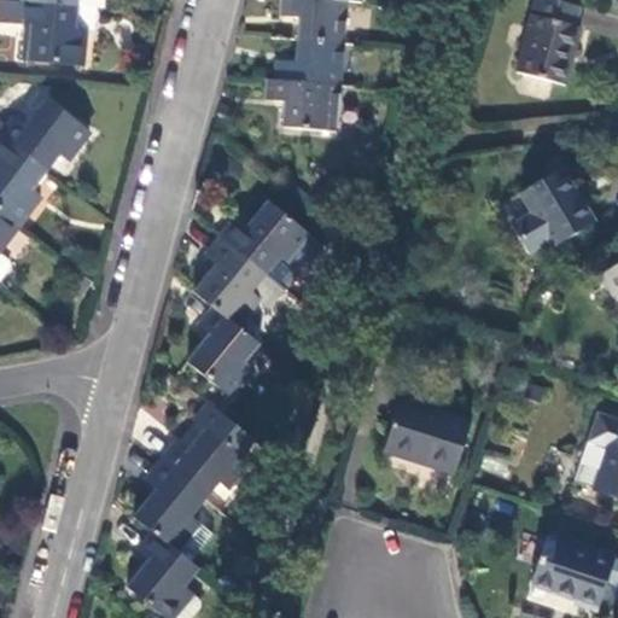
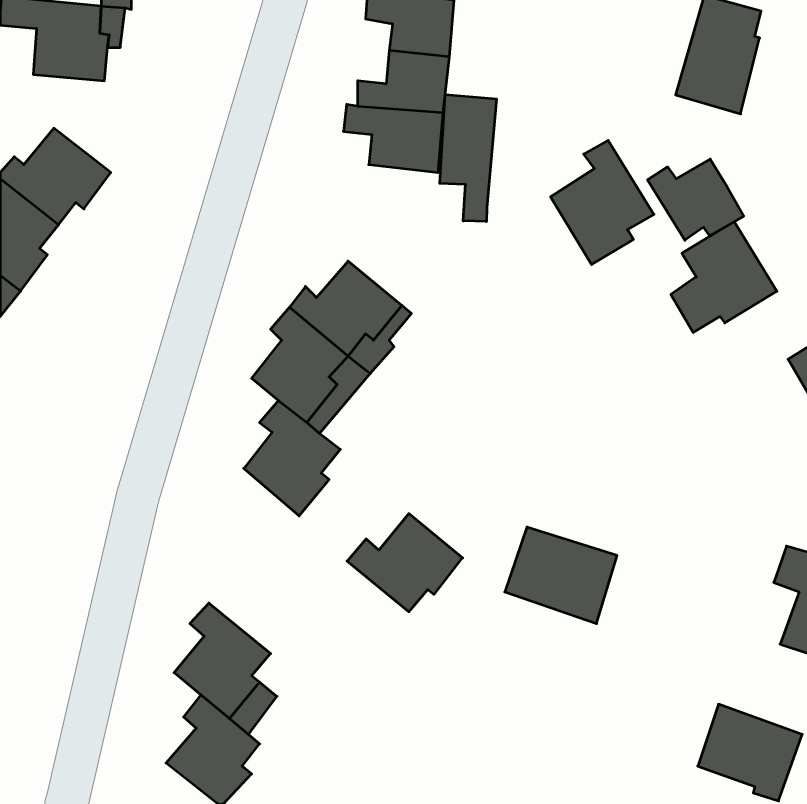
building: none -> [440,95,496,222]
building: none -> [551,140,654,265]
building: none -> [648,159,744,240]
building: [161,424,249,499] -> [347,514,463,612]

